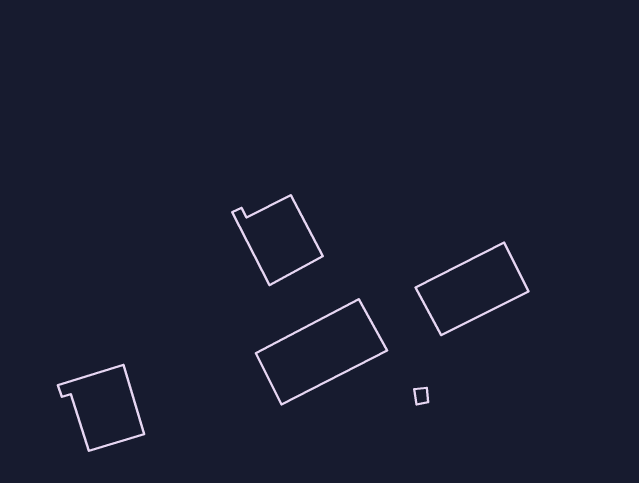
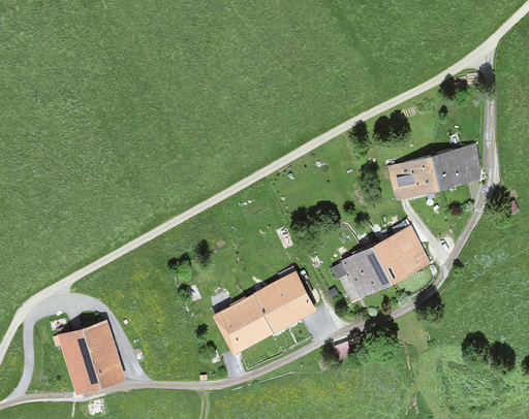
building: none -> [386,144,481,201]
building: [232,195,323,285] -> none

